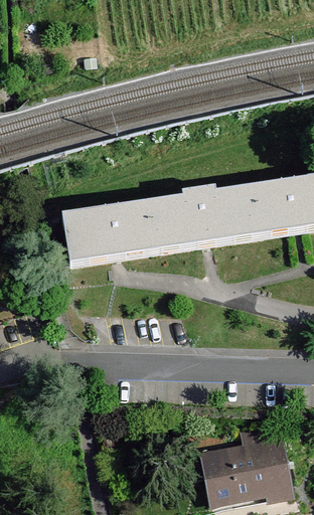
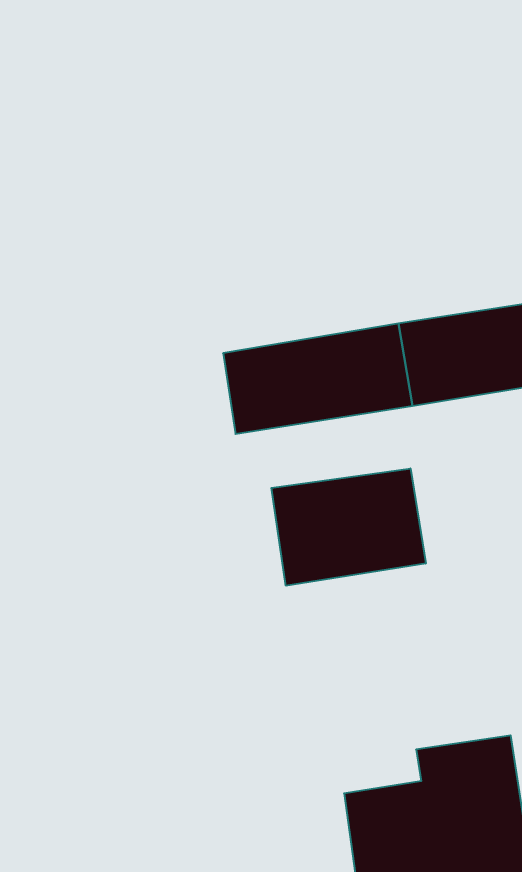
building: [52,203,138,263] -> none
building: none -> [271,468,426,586]

